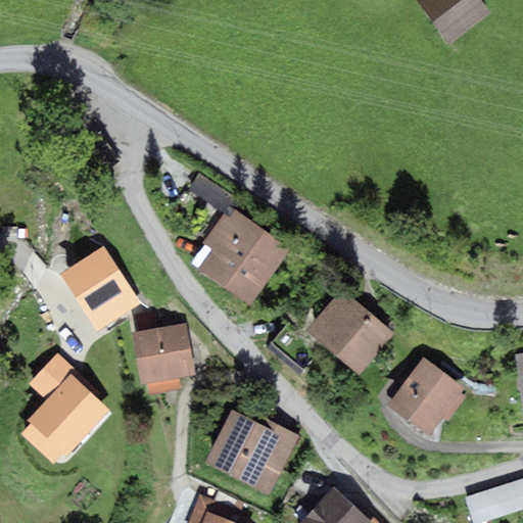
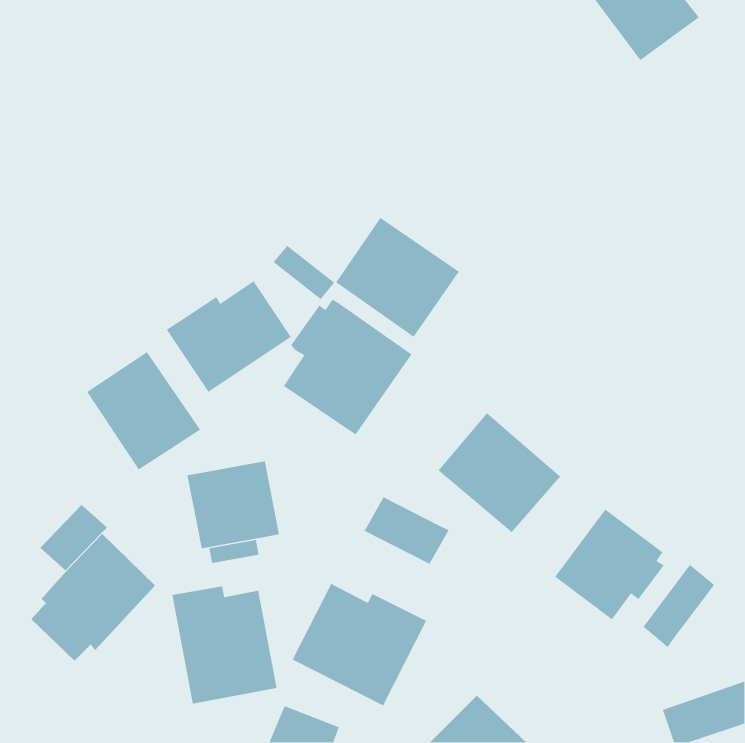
building: none -> [335,217,460,338]
building: none -> [166,280,292,393]
building: none -> [363,496,450,565]
building: none -> [643,564,715,648]
building: none -> [171,585,277,704]

